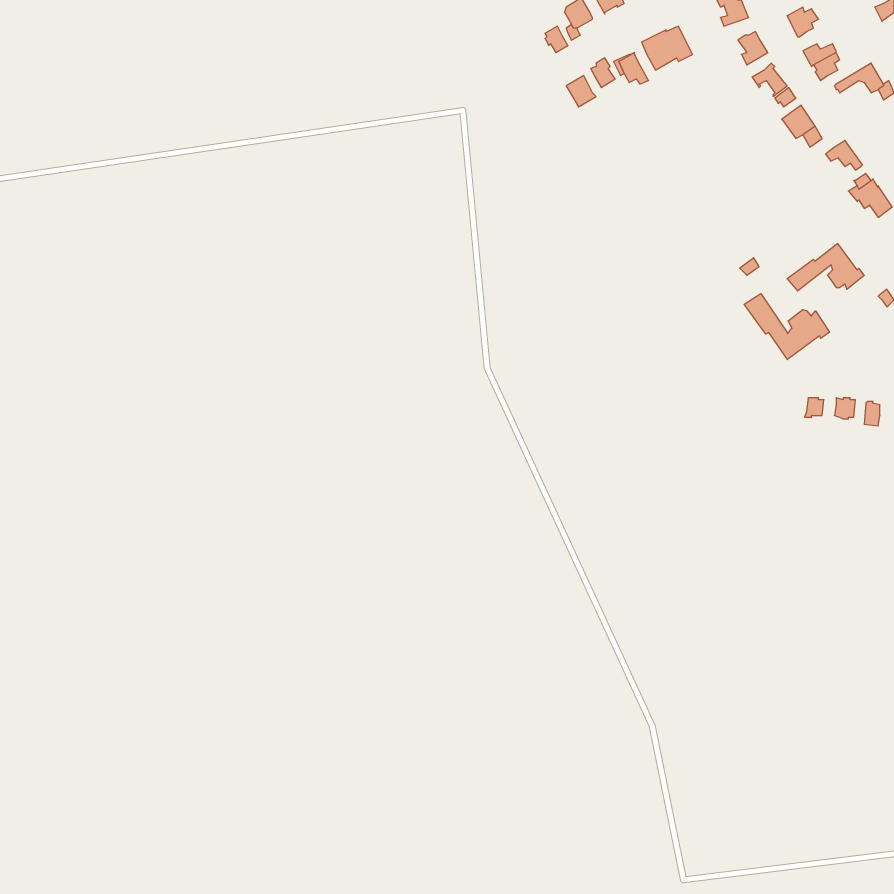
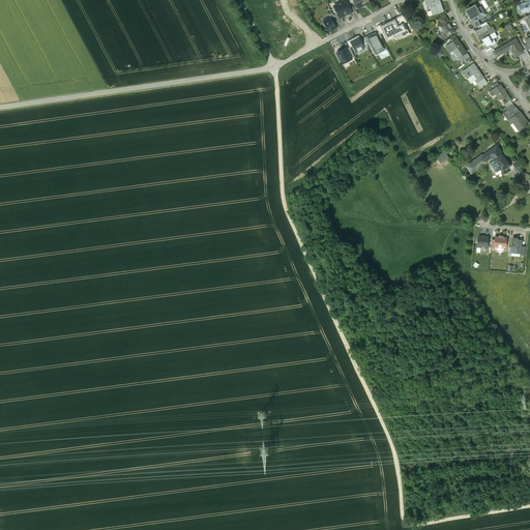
building: [744,294,830,360] -> none

